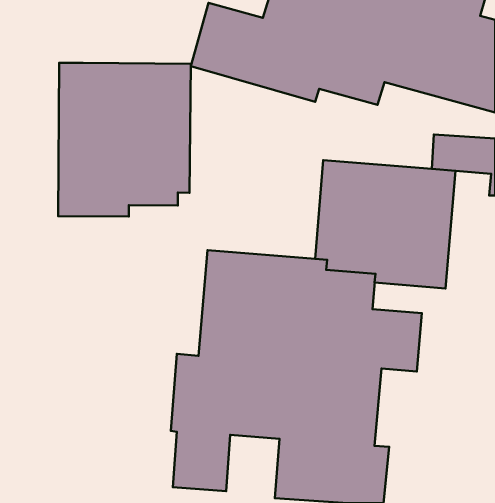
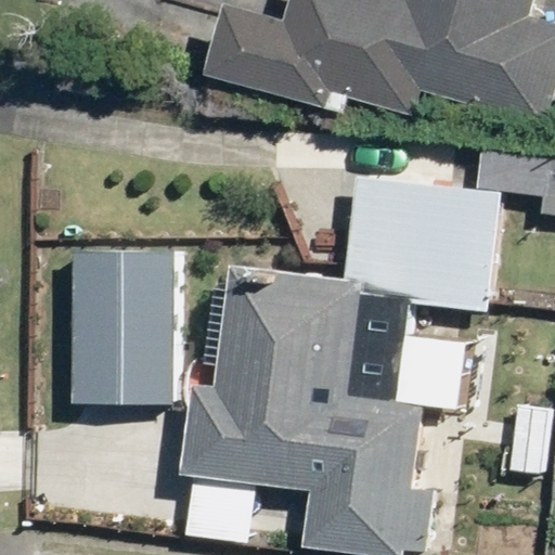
building: [58,63,191,217] -> none
building: none -> [67,249,175,404]

